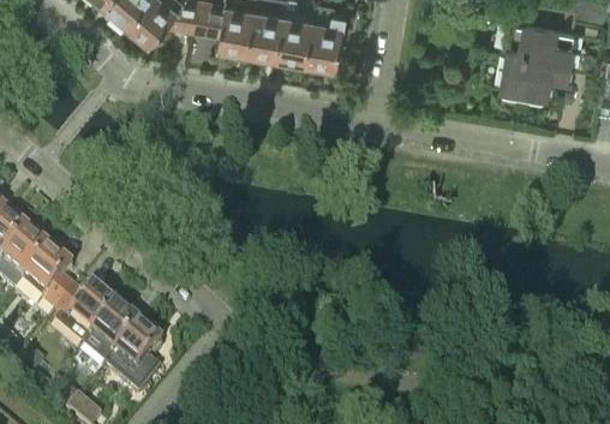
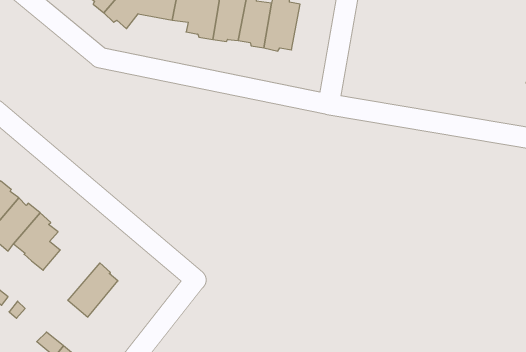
building: [502,24,575,96] -> none
building: [56,292,121,351] -> none
building: [106,329,163,400] -> none

